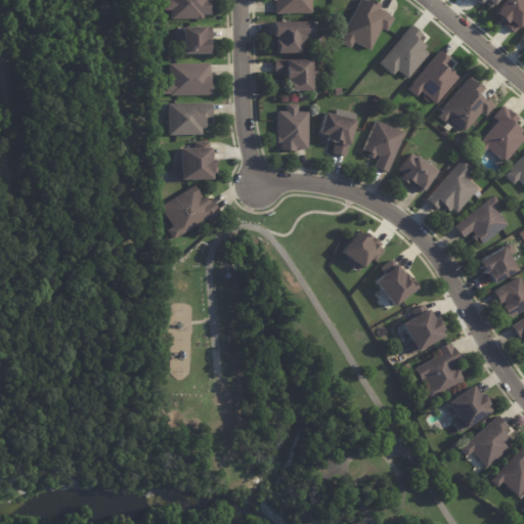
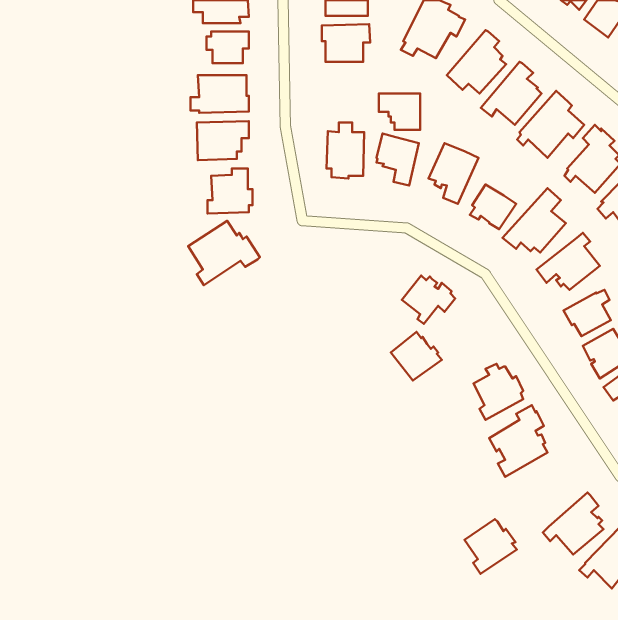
building: [277,59,312,90] -> [379,94,420,130]
building: [375,265,418,306] -> [391,332,442,380]
building: [446,386,490,432] -> [465,519,517,574]

